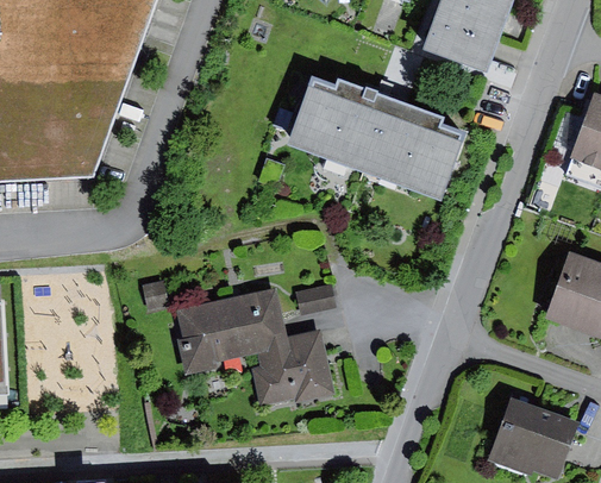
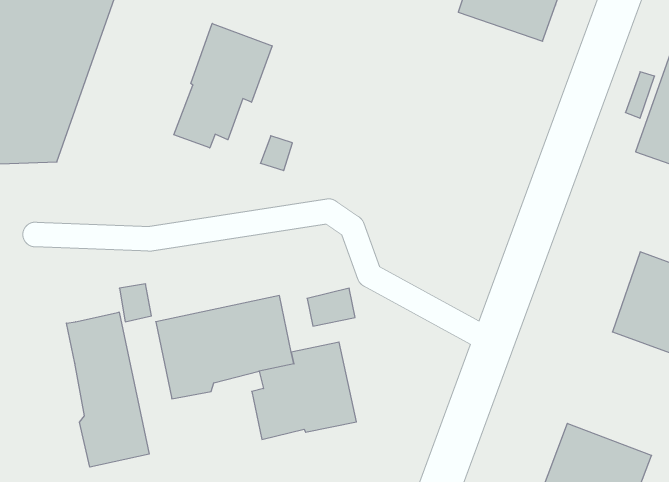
building: none -> [174,23,272,148]
building: [288,79,467,201] -> none
building: none -> [66,312,149,467]

